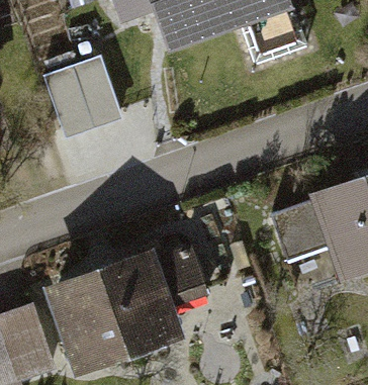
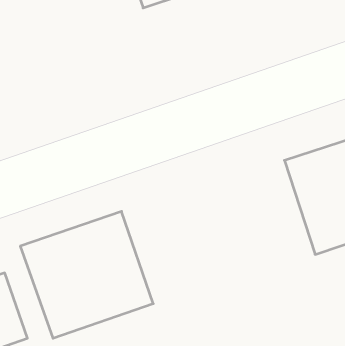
building: [50,50,126,129] -> none

